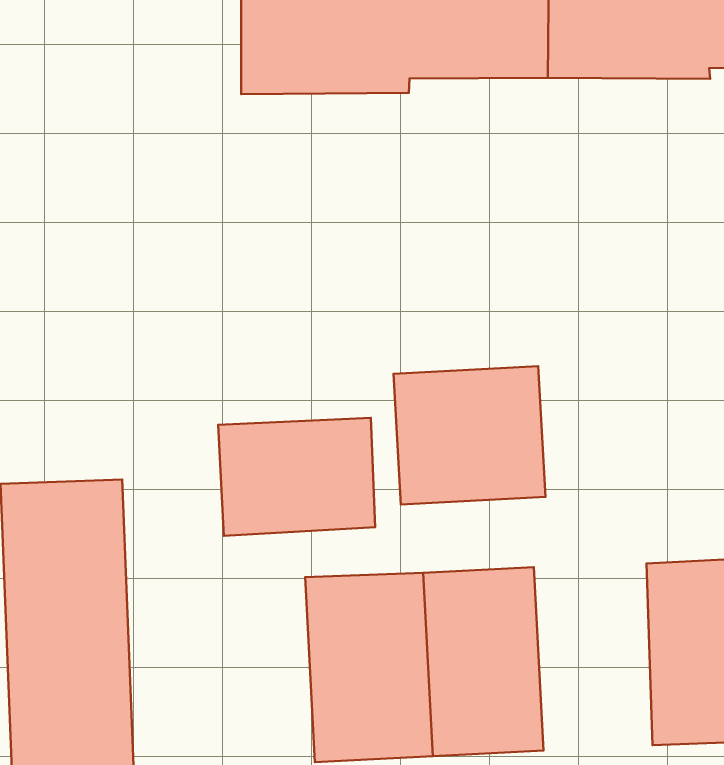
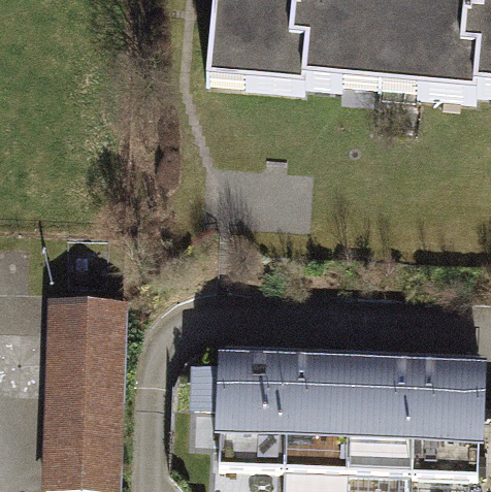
building: [394,366,545,505] -> none
building: [218,418,375,536] -> none
building: none -> [350,359,417,465]

